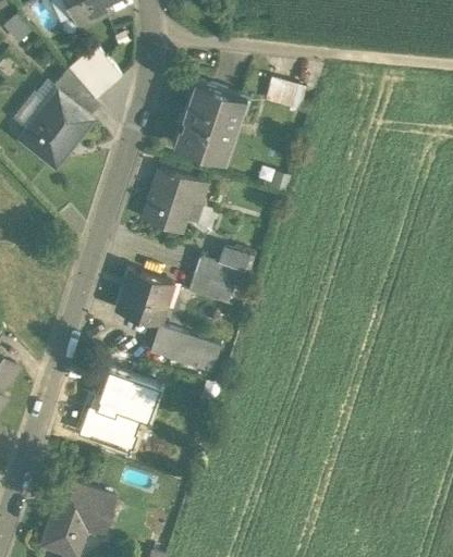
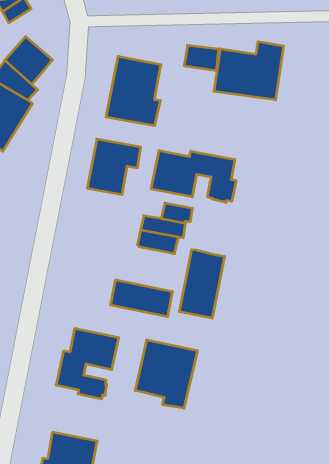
building: none -> [214,42,283,100]
building: none -> [151,150,236,203]
building: [115,270,173,325] -> none
building: none -> [179,250,225,318]
building: none -> [135,340,197,408]

